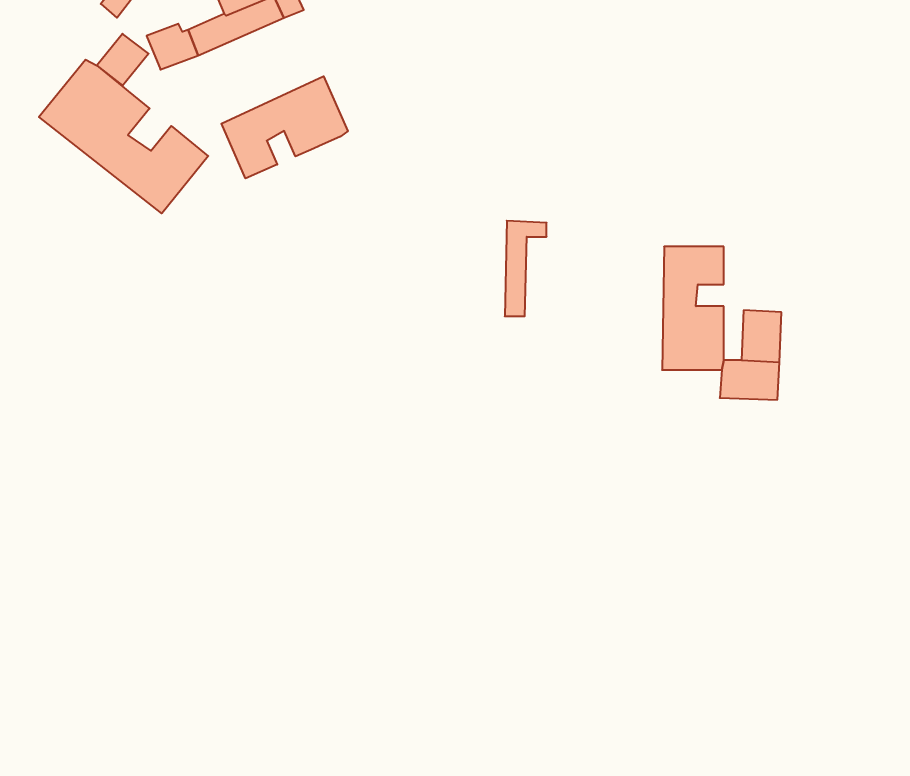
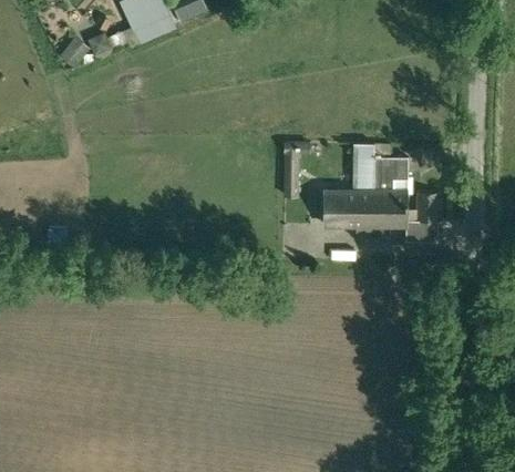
building: [39,60,208,213] -> none
building: [221,76,348,178] -> none
building: none -> [323,143,374,226]

